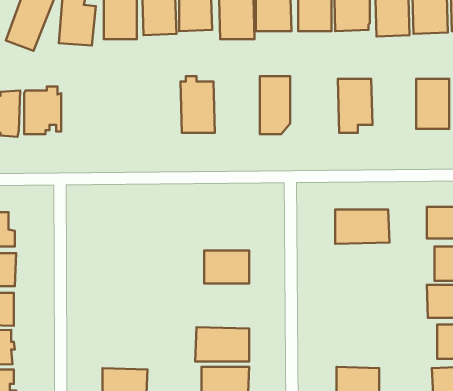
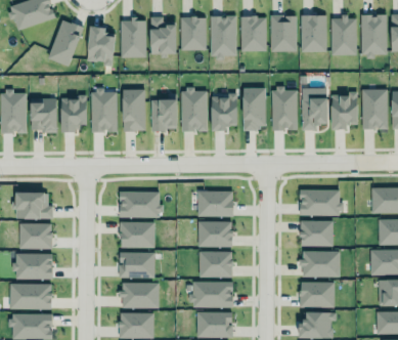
building: none -> [88,86,116,132]
building: none -> [272,88,298,130]
building: none -> [123,89,146,131]
building: none -> [331,93,358,130]
building: none -> [211,94,237,131]
building: none -> [151,99,178,130]
building: none -> [120,192,161,217]
building: none -> [196,192,232,216]
building: none -> [300,220,334,246]
building: none -> [121,221,156,248]
building: none -> [298,250,337,277]
building: none -> [200,251,233,278]
building: none -> [120,252,156,278]
building: none -> [300,282,335,307]
building: none -> [121,283,160,308]

